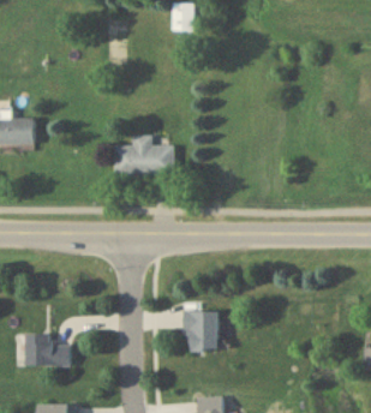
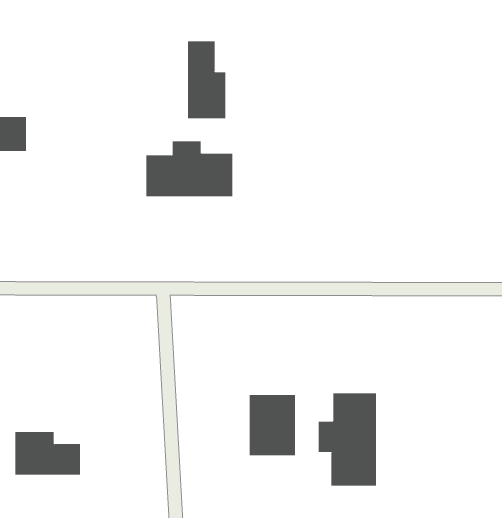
building: none -> [187,40,226,119]
building: none -> [318,393,377,487]

